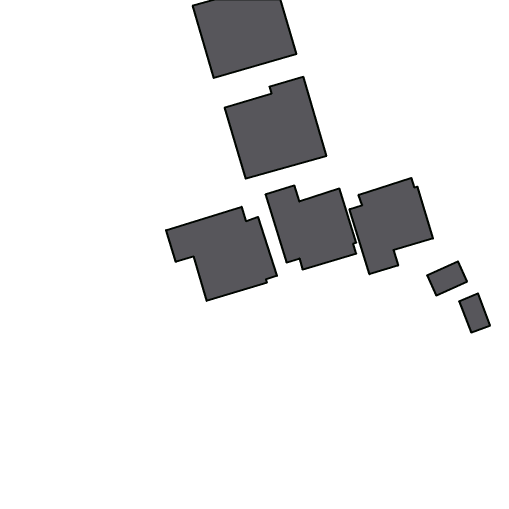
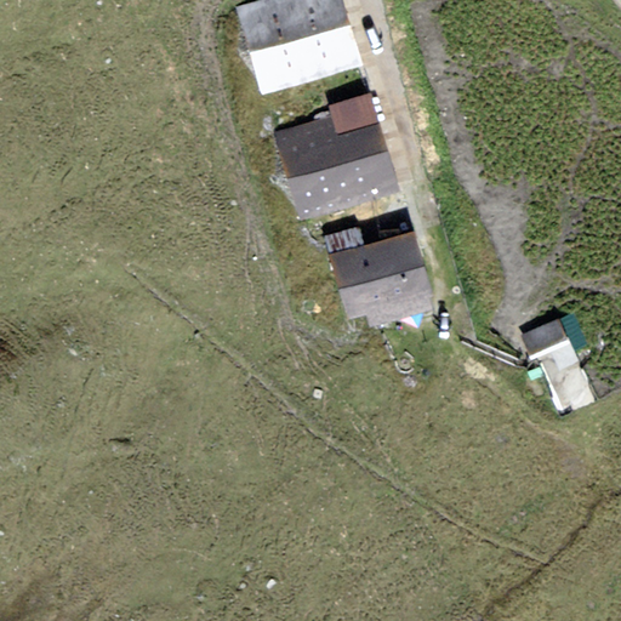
building: [350,178,433,274] -> none
building: [166,207,277,301] -> none

